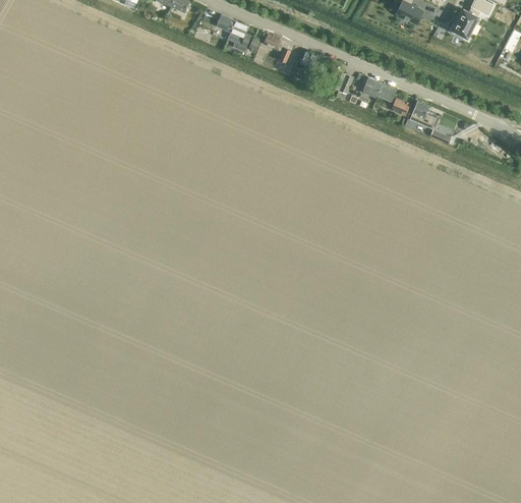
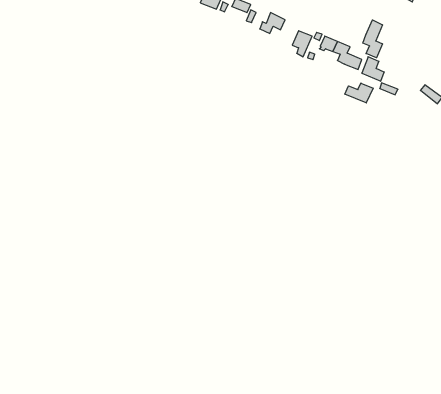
building: none -> [363,20,382,58]
building: none -> [345,83,373,103]

